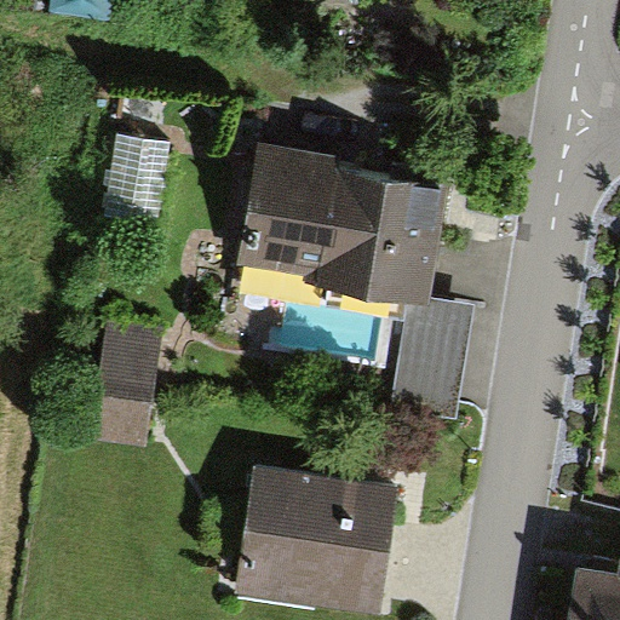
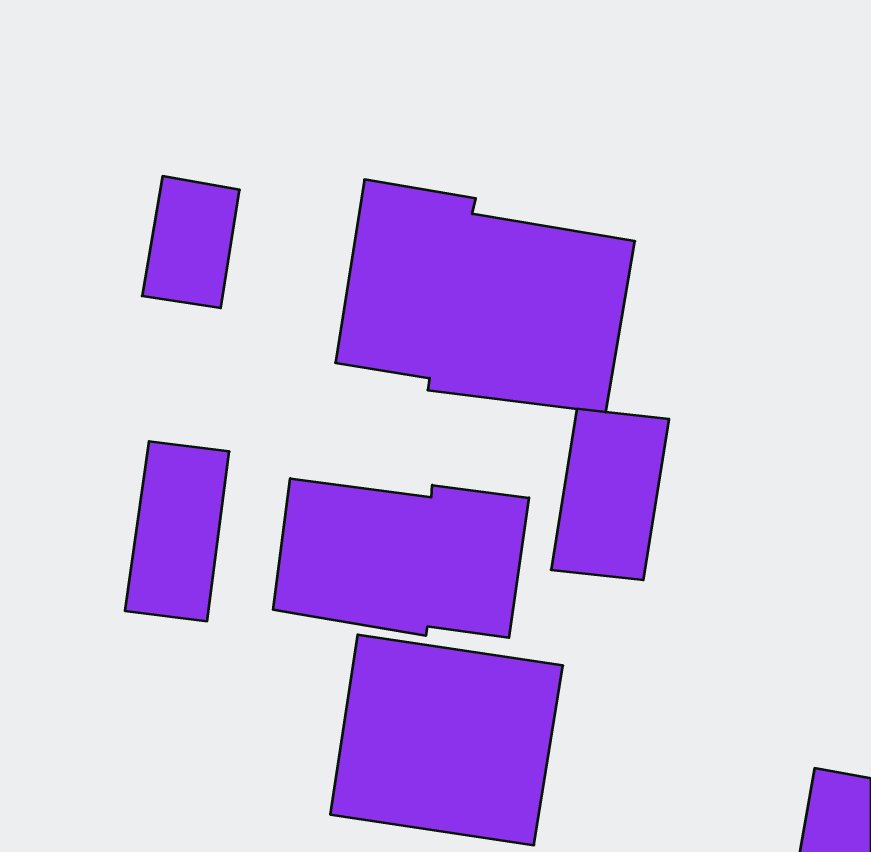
building: none -> [273,478,529,638]

